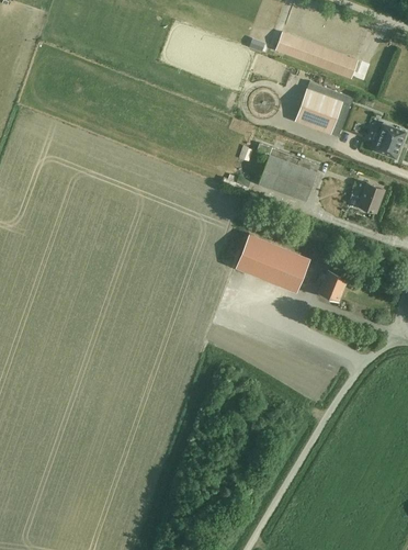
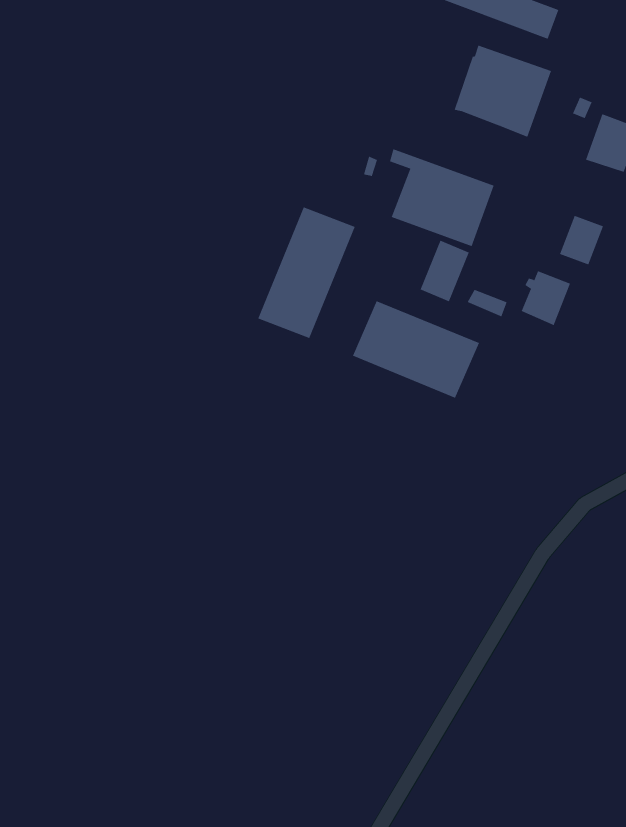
building: none -> [257,207,355,339]
building: none -> [420,240,470,302]
building: [317,268,347,301] -> [521,270,571,326]

